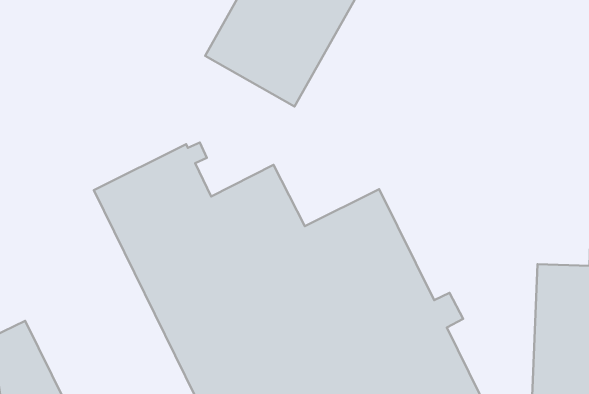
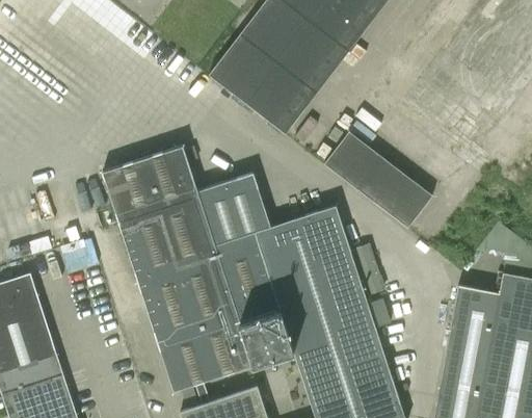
building: none -> [324,132,432,228]

